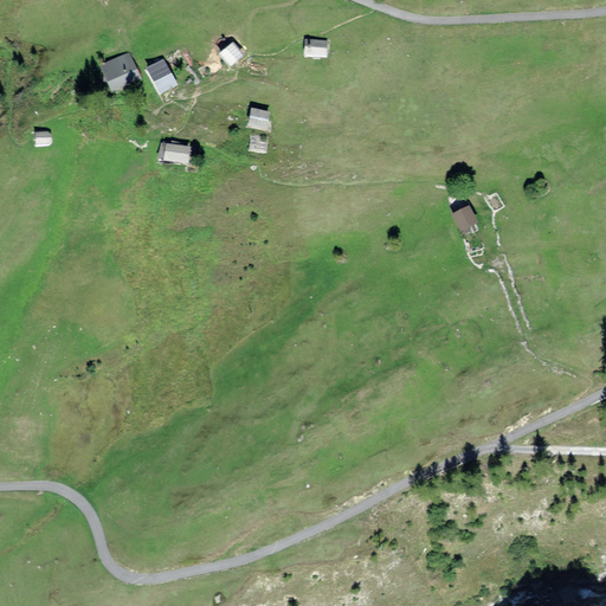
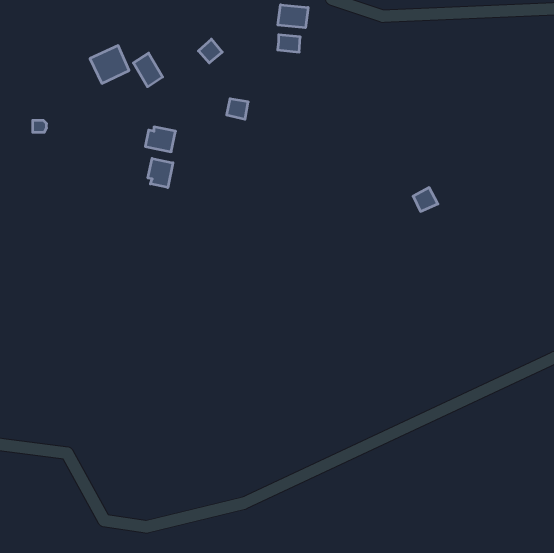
building: none -> [278,5,308,28]
building: none -> [148,158,173,188]

